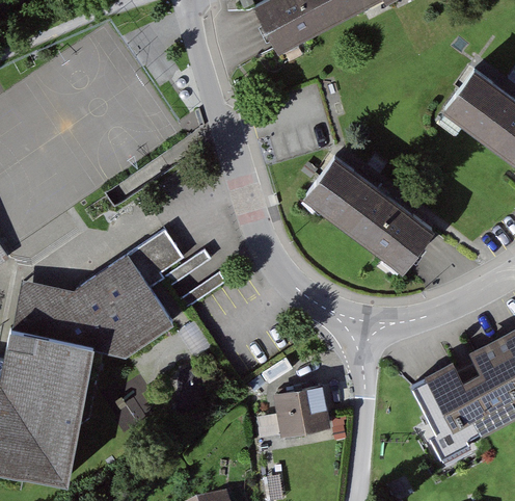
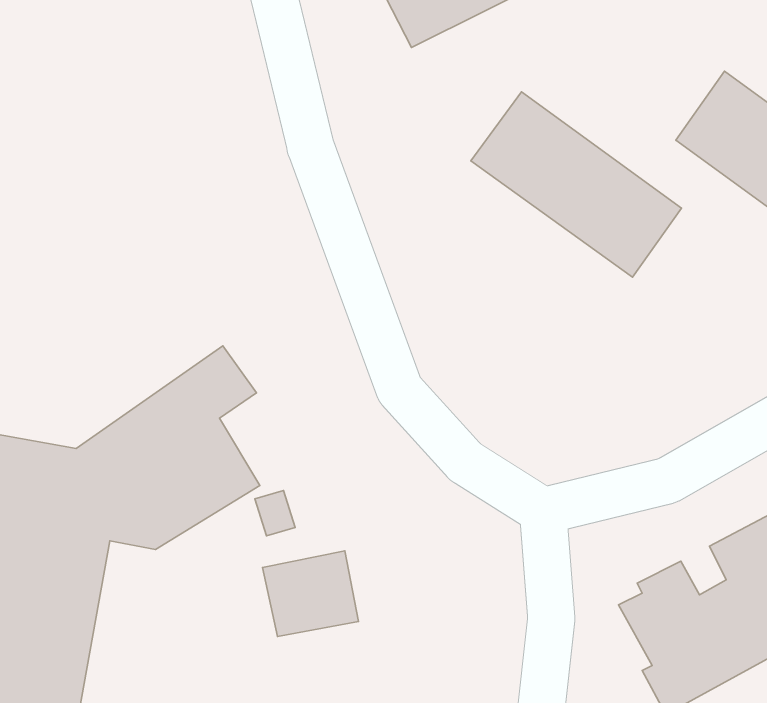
building: [302,153,432,267] -> [471,92,681,277]
building: [269,391,328,444] -> [262,551,358,637]

